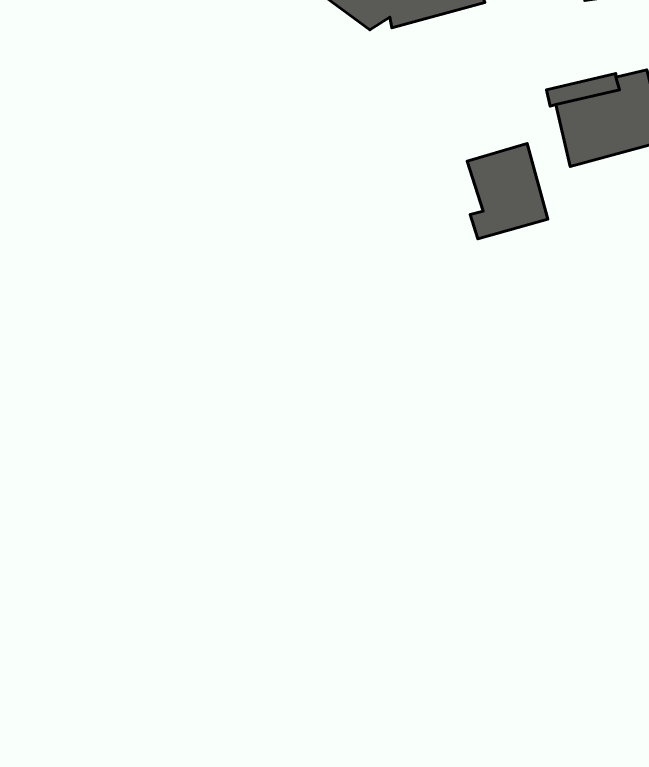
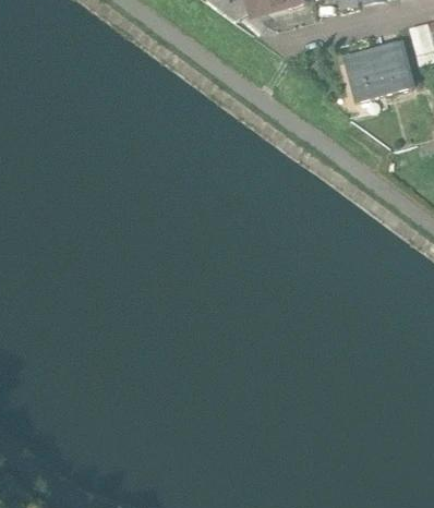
building: [467,143,548,239] -> none

